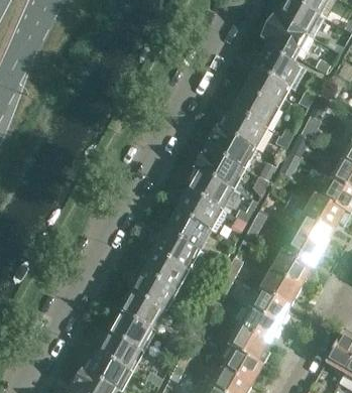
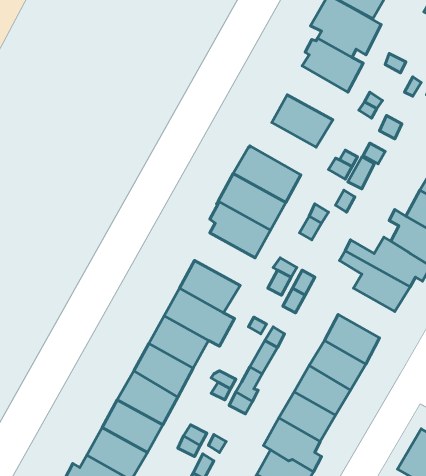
building: [245,67,289,106] -> none
building: [218,108,266,146] -> none
building: [178,188,229,231] -> none
building: [282,229,324,265] -> none

